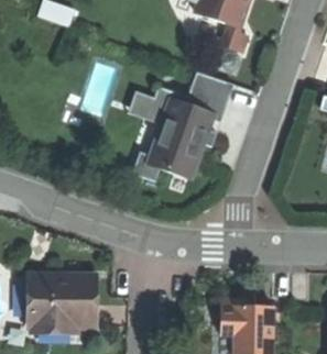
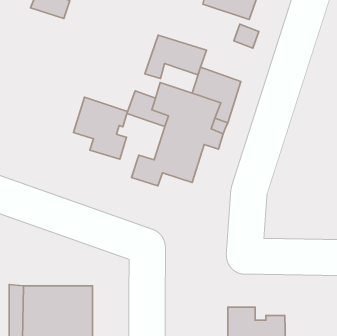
building: none -> [145,35,206,79]
building: none -> [74,97,128,159]

